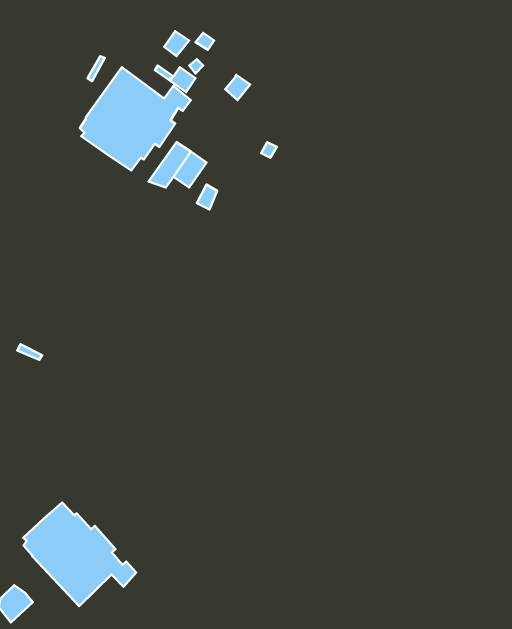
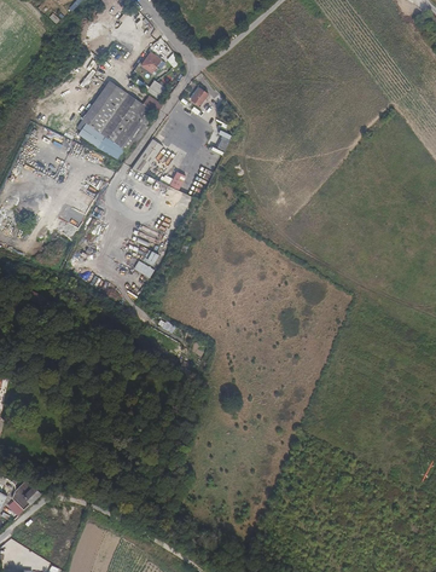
building: [23,503,136,606] -> none

